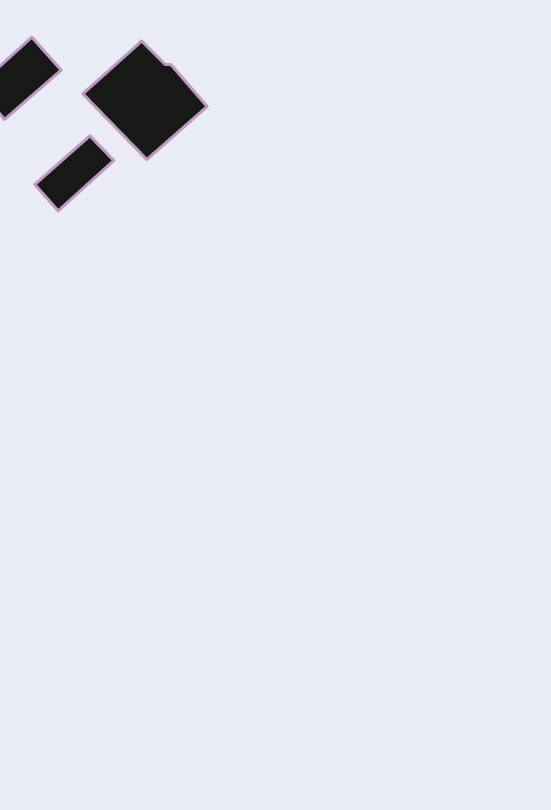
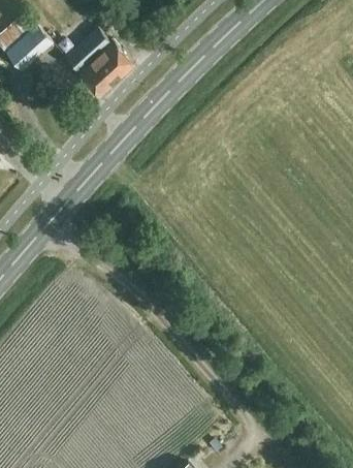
building: [35,136,114,211] -> none

